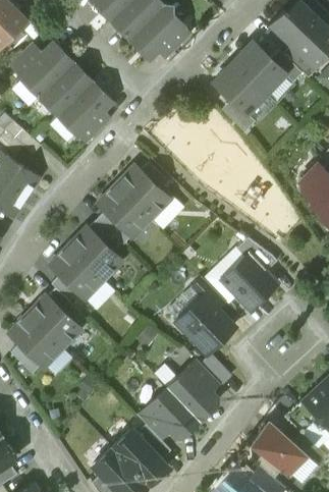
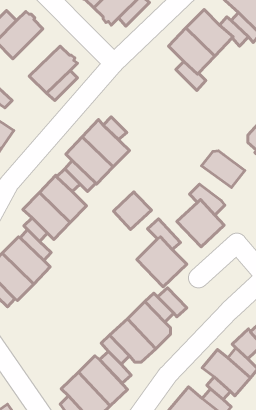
building: [39,63,92,116] -> none
building: none -> [202,151,245,188]
building: none -> [114,192,151,229]

